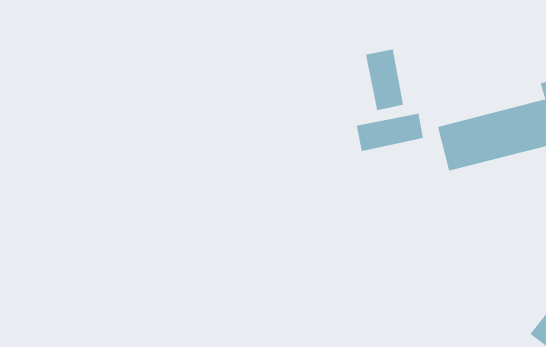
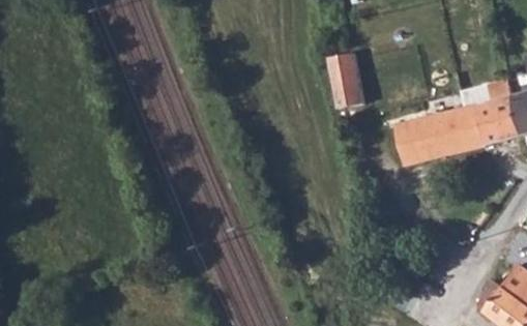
building: [356,113,424,152] -> none

